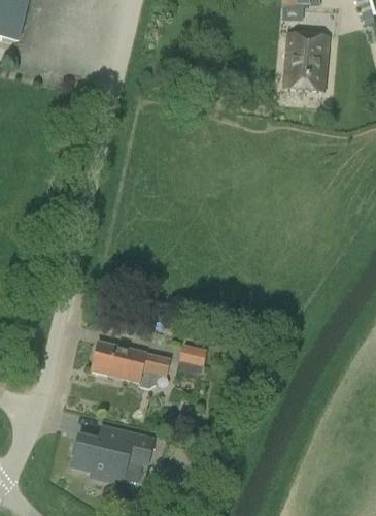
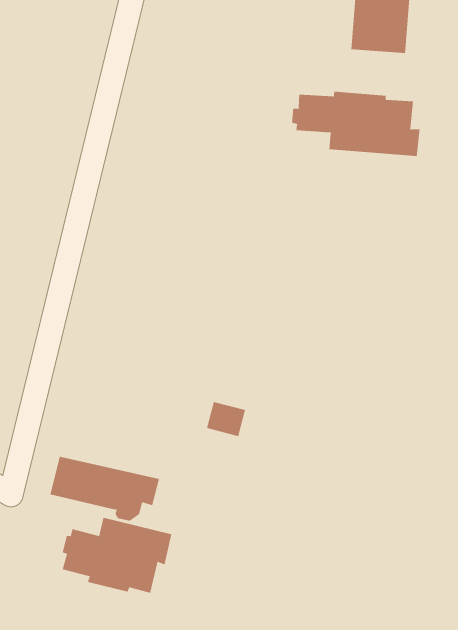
building: none -> [292,91,420,157]
building: [91,341,171,388] -> [49,456,160,521]

